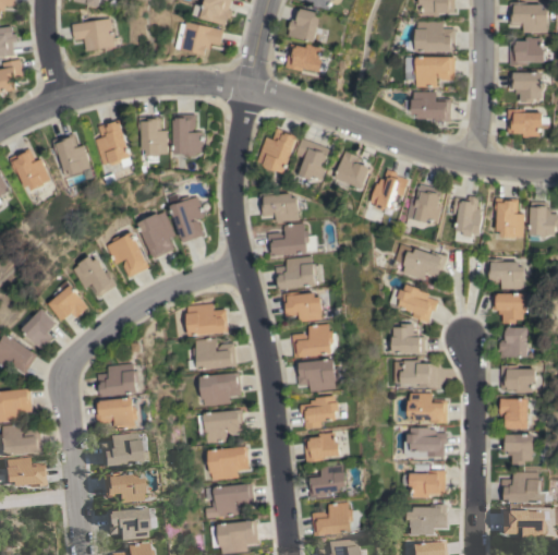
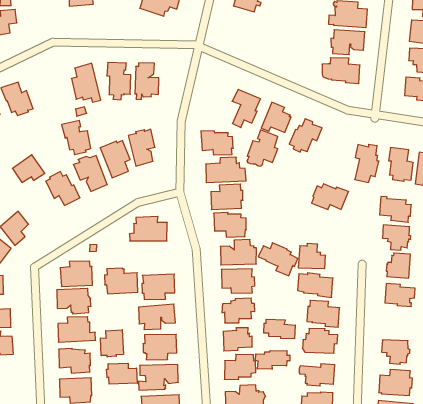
building: [284,43,328,72] -> none
building: [256,128,299,172] -> none
building: [51,133,89,176] -> [62,120,91,155]
building: [405,183,442,228] -> [247,130,278,166]
building: [388,283,437,323] -> [258,243,298,276]
building: [47,285,87,319] -> [12,155,45,182]
building: [193,337,235,370] -> [105,268,138,294]
building: [500,398,530,427] -> none
building: none -> [264,319,295,339]
building: none -> [101,330,123,357]
building: none -> [256,351,290,369]
building: none -> [107,363,137,384]

